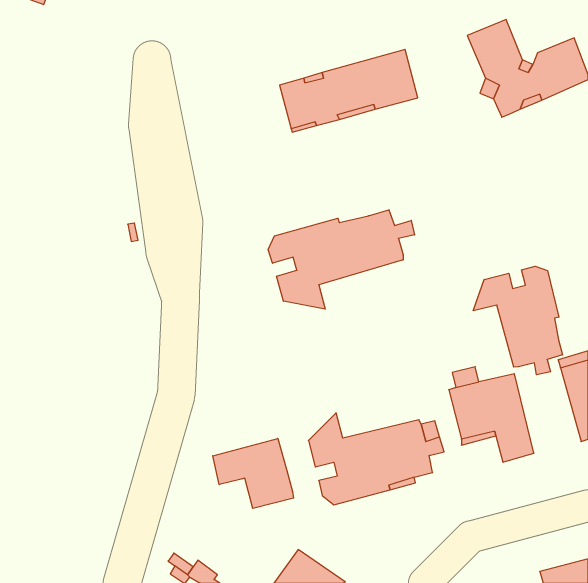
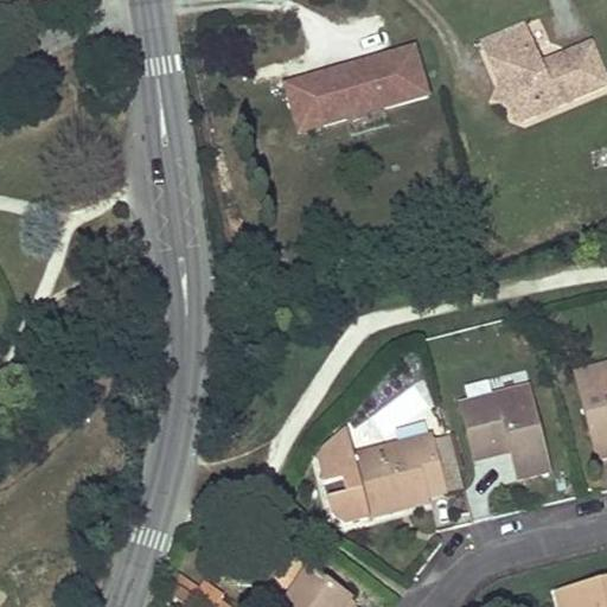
building: [268,210,415,309] -> none
building: [473,266,563,375] -> none
building: [213,438,294,508] -> none

